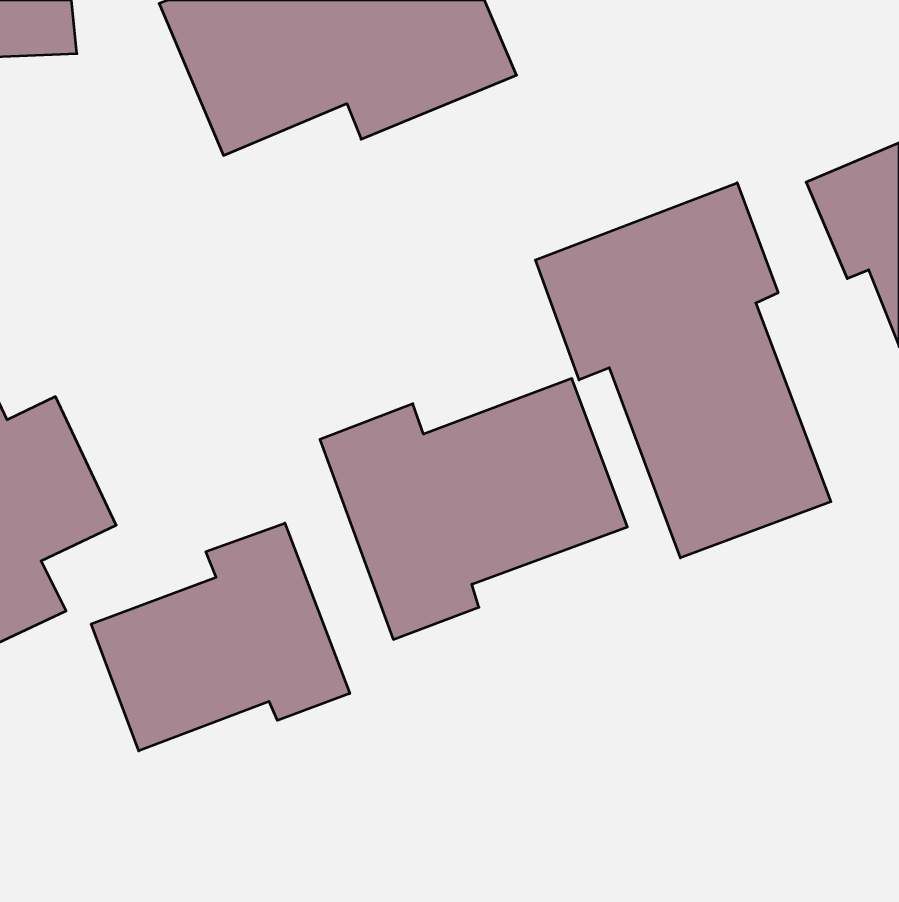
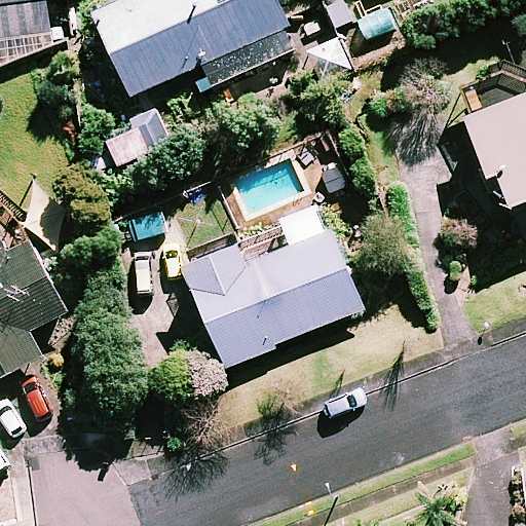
building: [535,183,831,558] -> none
building: [91,523,350,751] -> none

